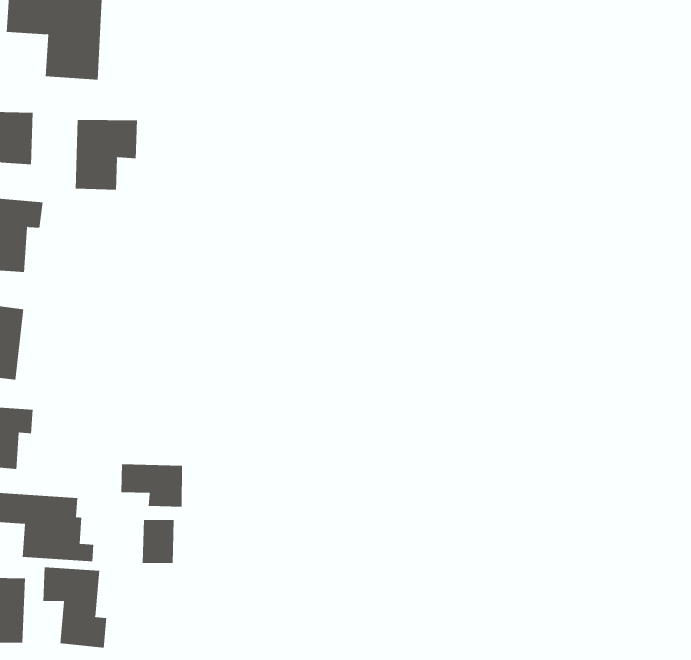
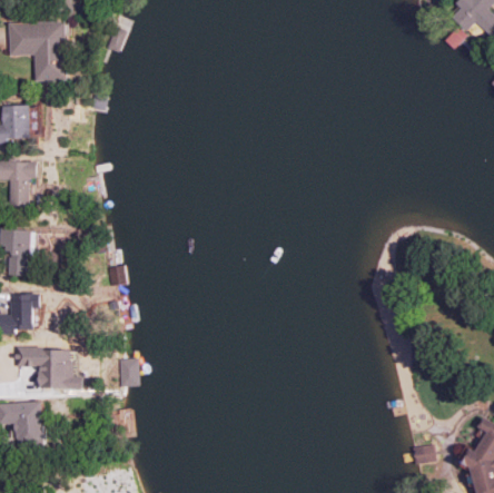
building: [75,119,138,190] -> none
building: [121,464,182,508] -> none
building: [43,566,107,648] -> none

